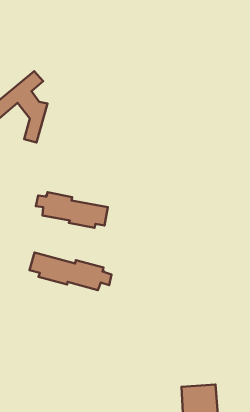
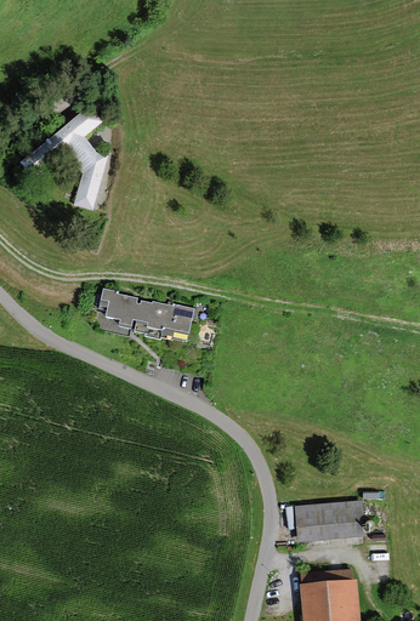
building: [30,252,111,290] -> none
building: none -> [296,502,364,540]

